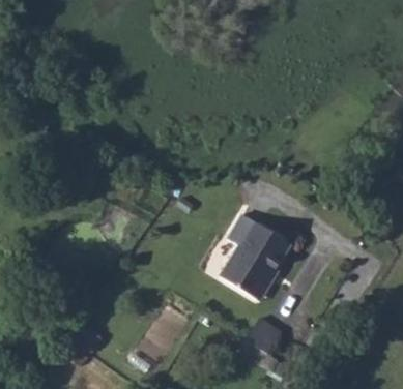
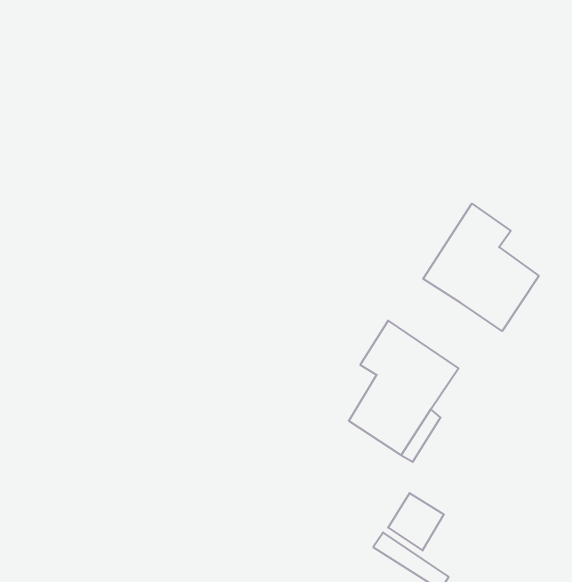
building: none -> [423,204,539,331]

